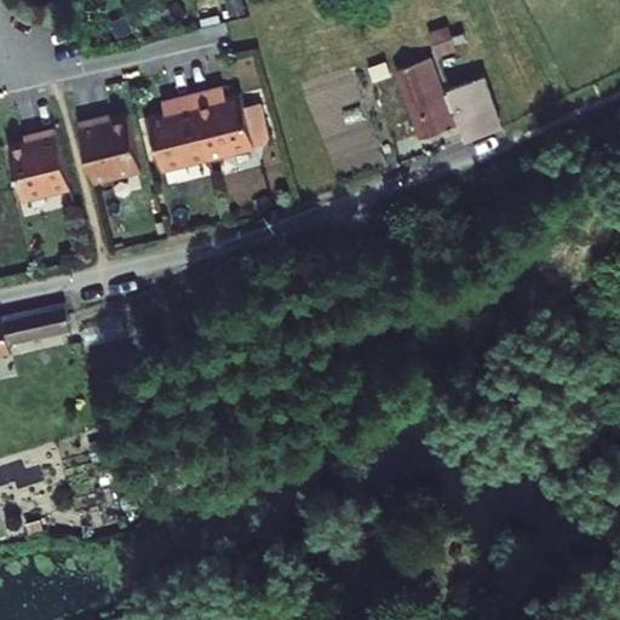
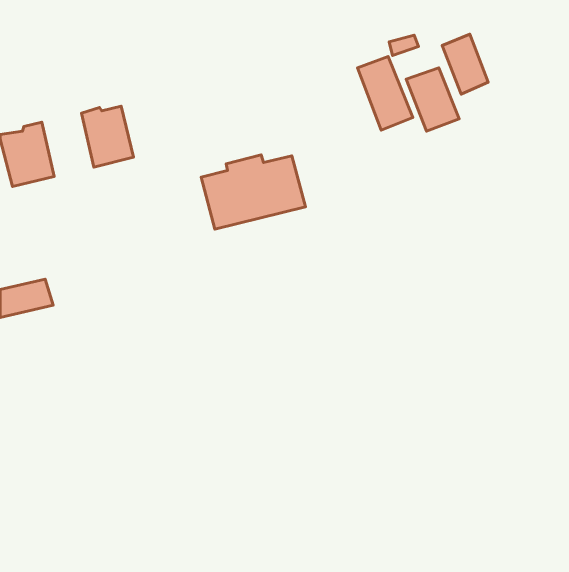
building: none -> [442,34,488,94]
building: [144,93,256,173] -> [201,155,305,229]

